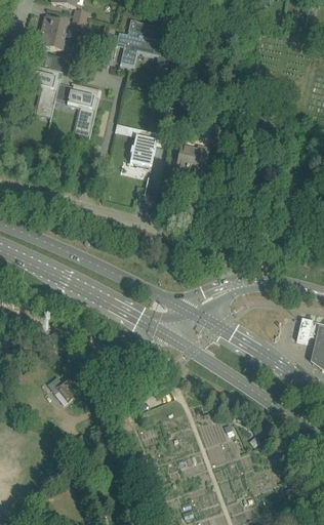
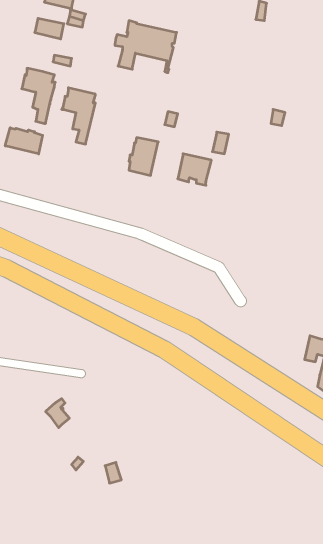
building: [32,31,66,51] -> none
building: none -> [5,128,43,154]

